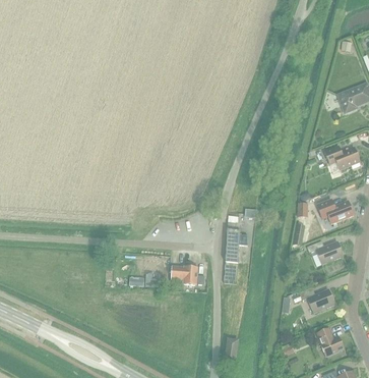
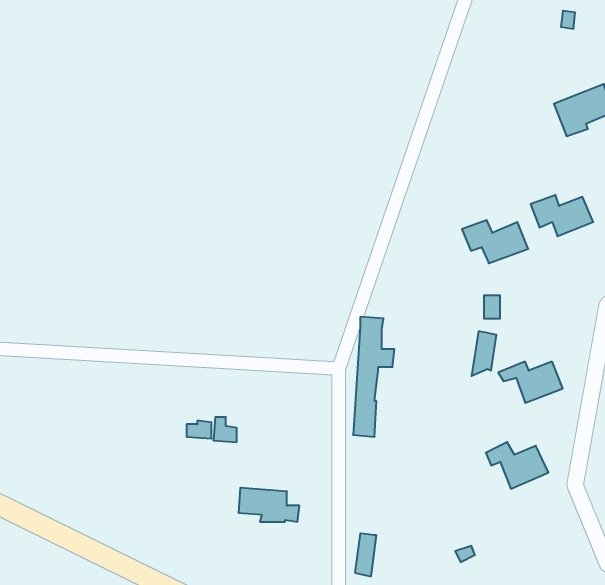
building: [316,198,354,222] -> [462,220,528,263]
building: [170,264,204,283] -> [238,488,299,522]
building: [316,326,344,355] -> none

